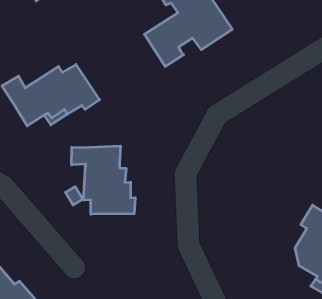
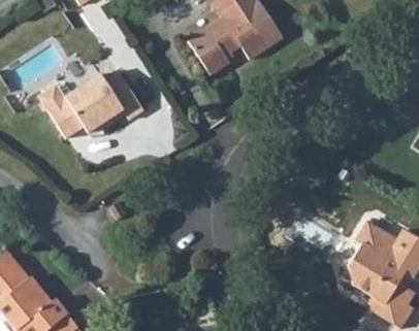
building: [72,146,135,214] -> none

